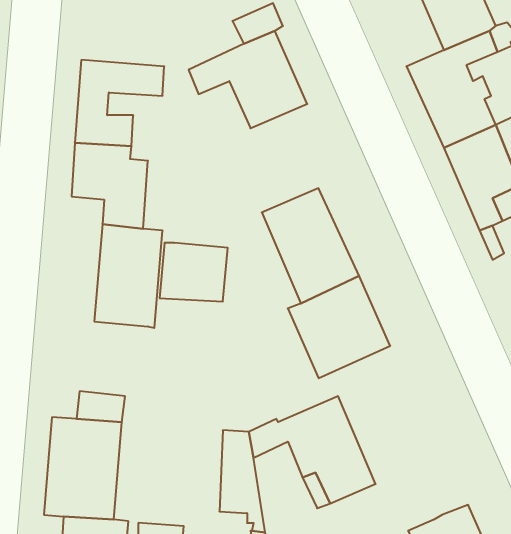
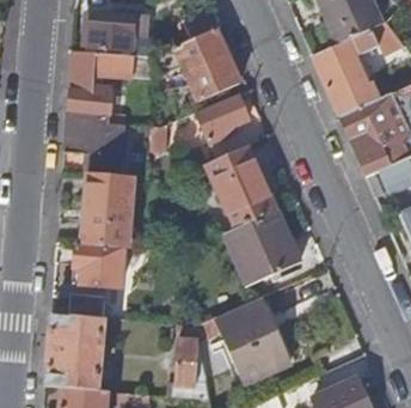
building: none -> [86,14,139,51]
building: none -> [197,96,249,144]
building: [160,243,228,301] -> [72,244,122,287]

